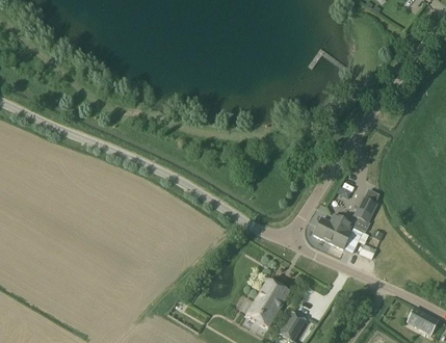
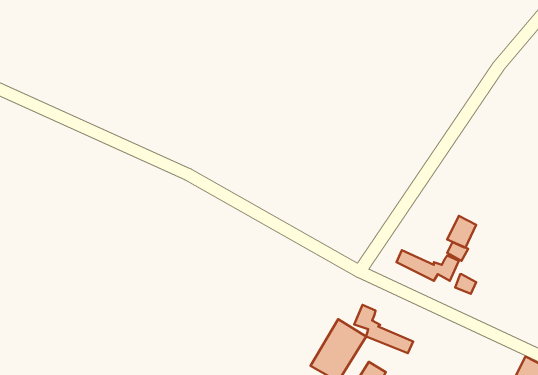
building: [317,214,351,235] -> none
building: none -> [354,305,413,353]

